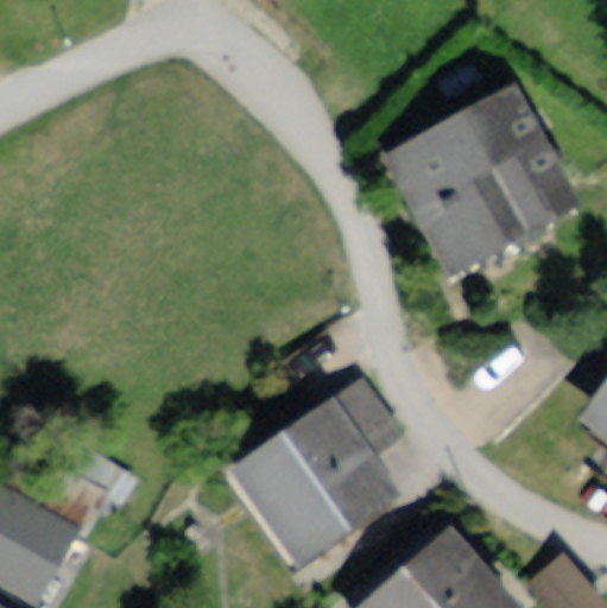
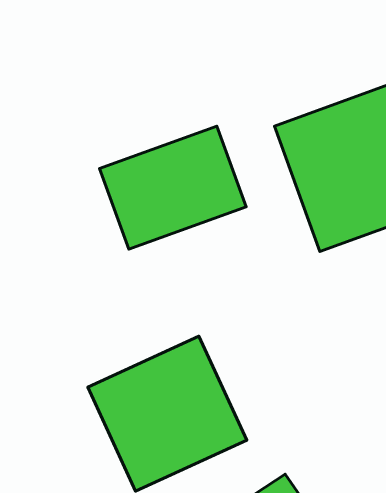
building: none -> [100,126,246,249]

